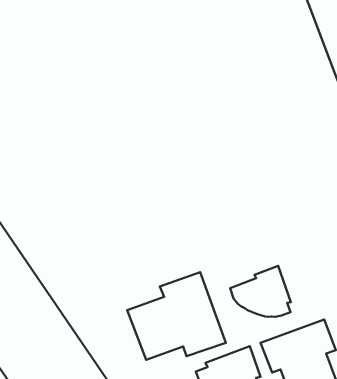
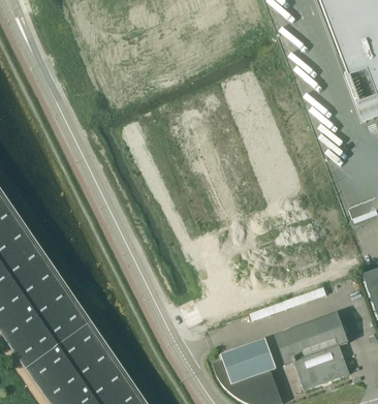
building: [230,266,291,317] -> none
building: [127,272,226,360] -> none

